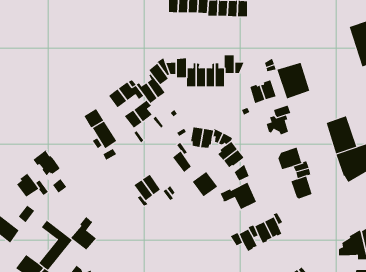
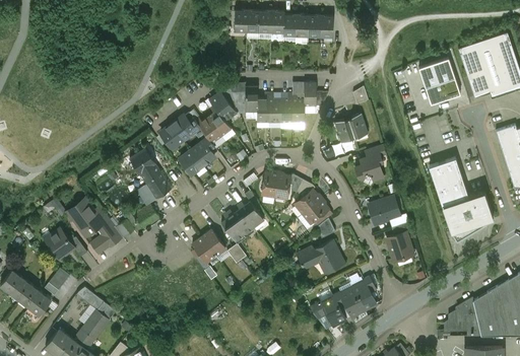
building: [277,62,310,99] -> [418,59,460,104]
building: none -> [94,209,122,247]
building: [192,171,218,197] -> [221,210,254,242]
building: [70,216,97,251] -> none

